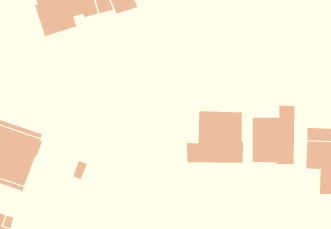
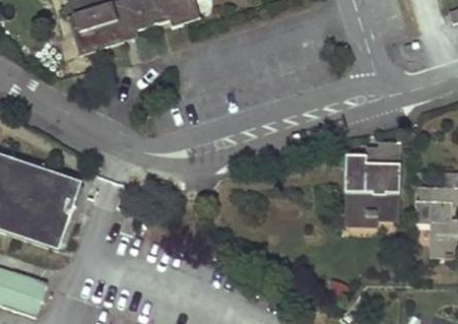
building: [187,111,244,164] -> none

